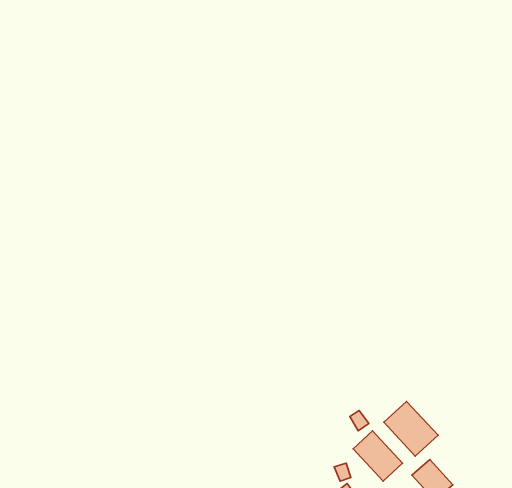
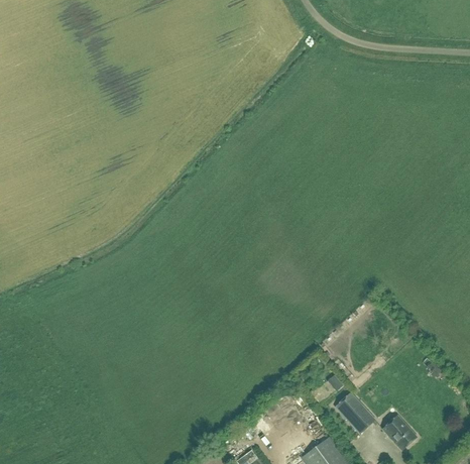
building: [384,401,438,456] -> none

